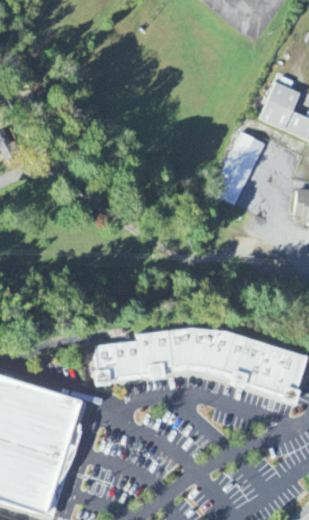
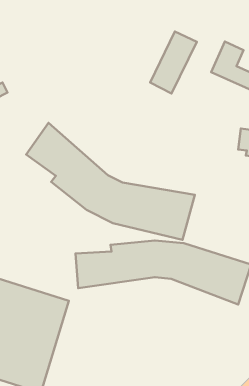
building: [210,129,267,205] -> [150,32,197,94]
building: none -> [26,123,195,240]

